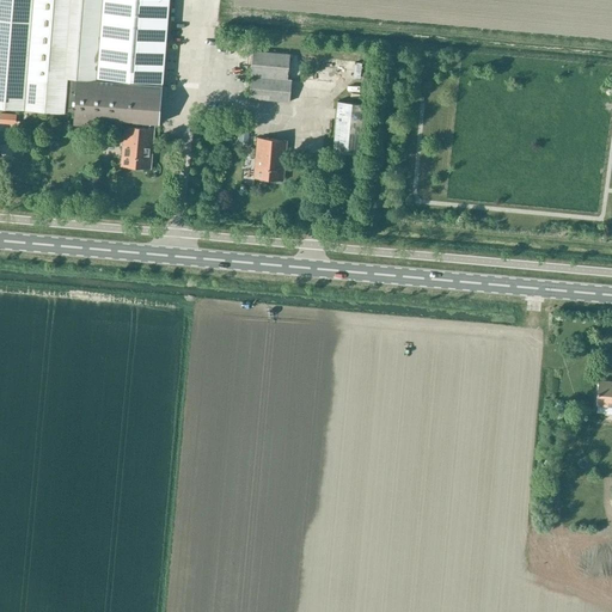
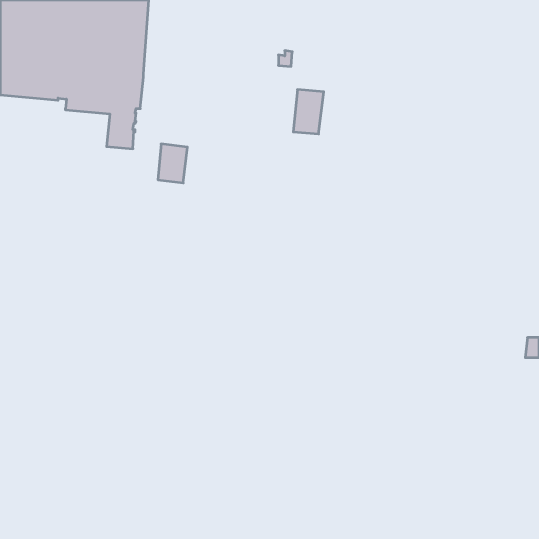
building: [249,50,305,103] -> none
building: [253,137,287,182] -> [158,144,187,183]

